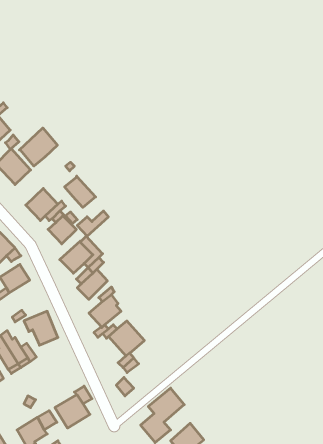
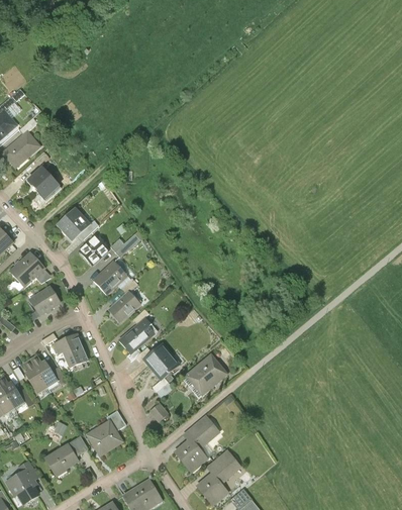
building: [19,128,57,166] -> none
building: [65,176,96,207] -> none
building: none -> [185,355,226,396]

